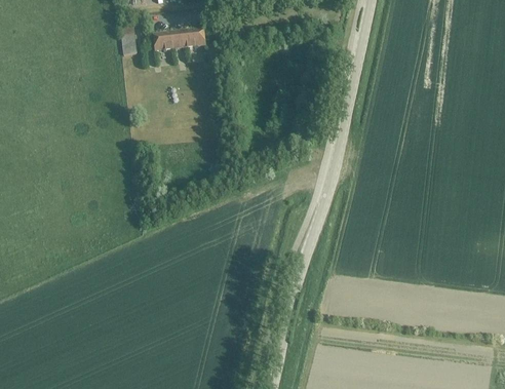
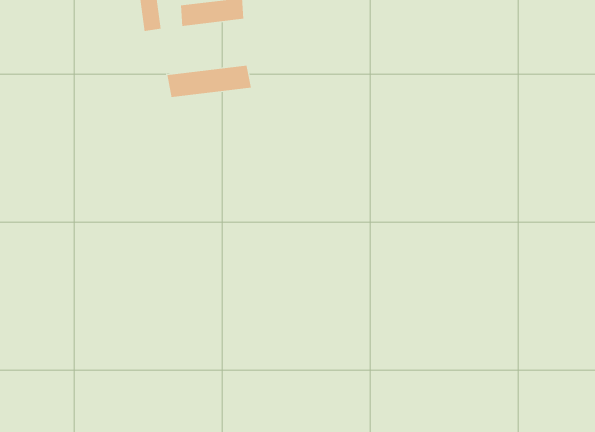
building: none -> [167,65,251,98]

